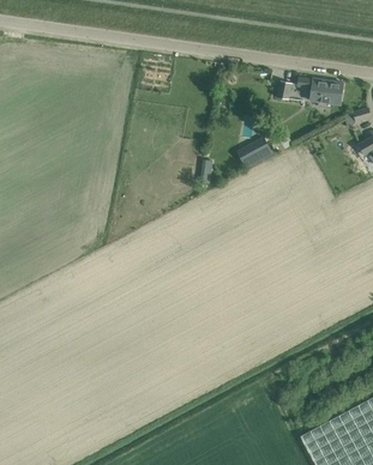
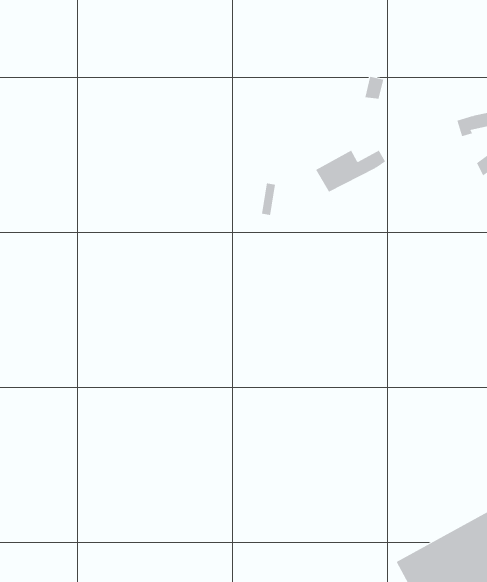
building: [296,78,343,108] -> none

